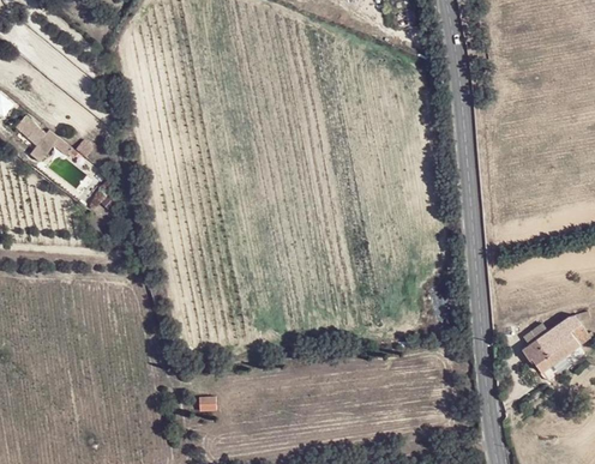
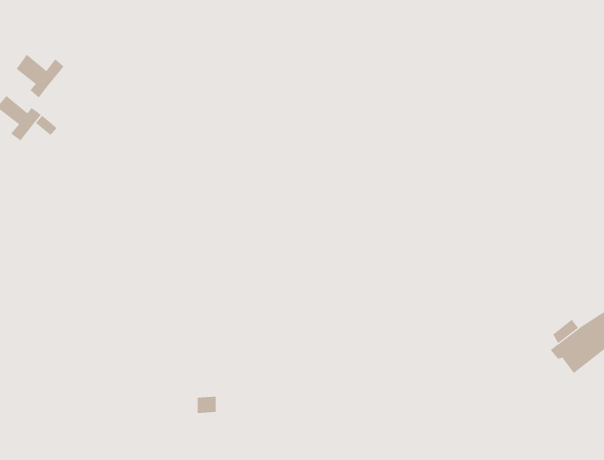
building: none -> [16,54,64,98]

